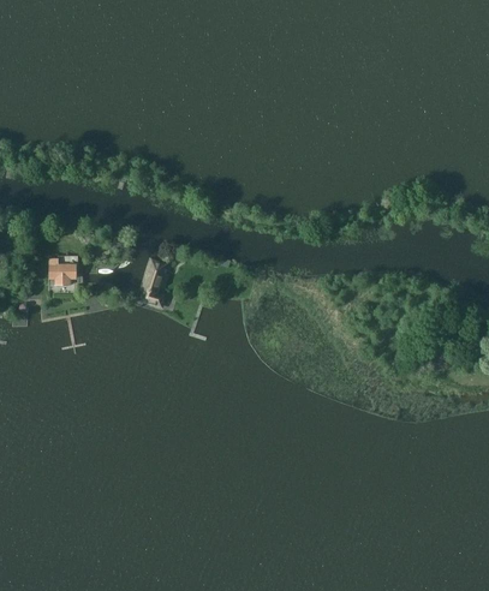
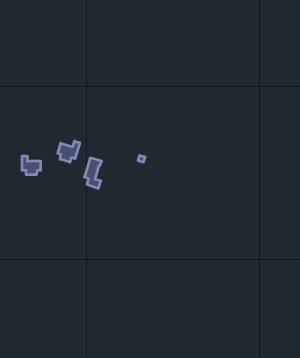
building: none -> [58,141,80,162]

